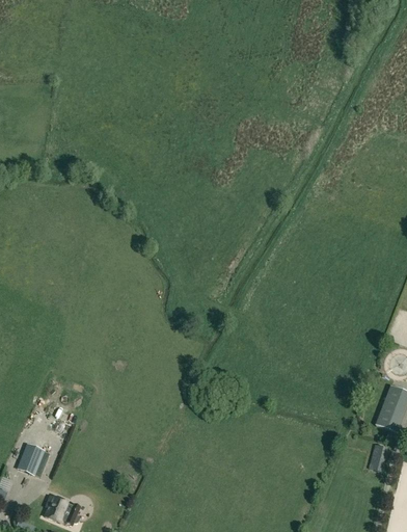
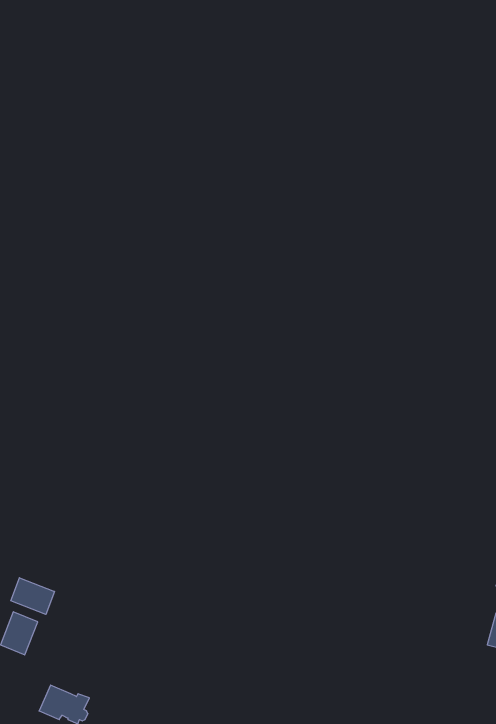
building: none -> [11,578,54,614]

